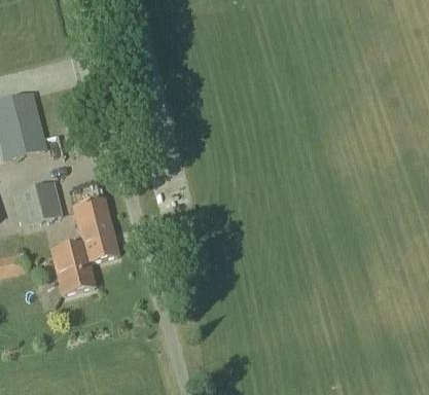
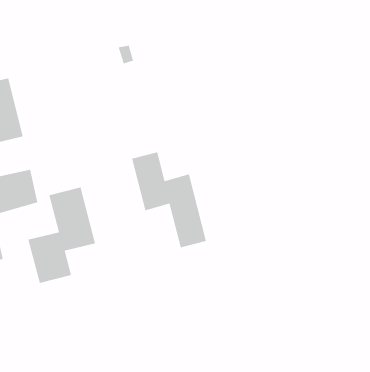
building: none -> [131,151,207,248]

